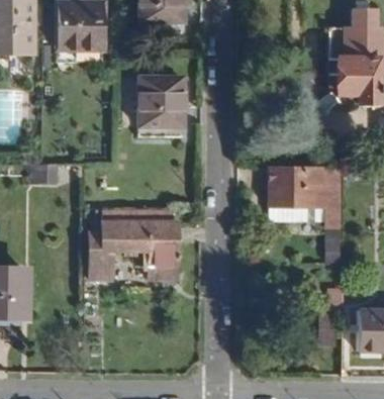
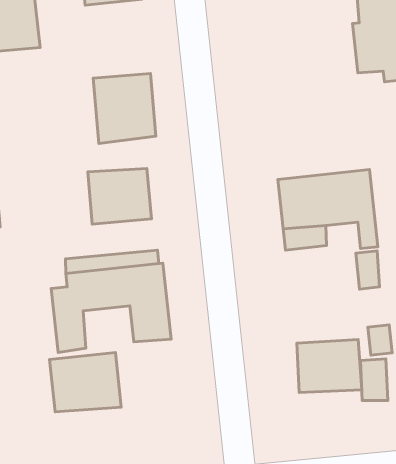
building: none -> [88,169,151,224]
building: none -> [49,352,121,412]
building: none -> [297,340,362,393]

